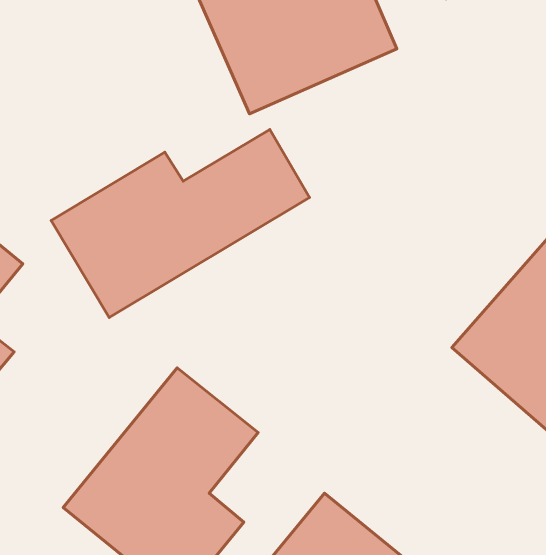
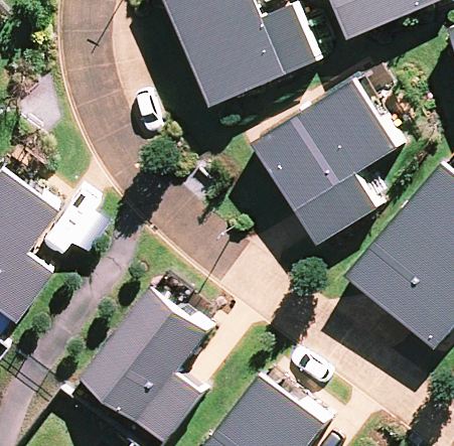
building: none -> [254,81,393,236]
building: [51,130,310,318] -> none

